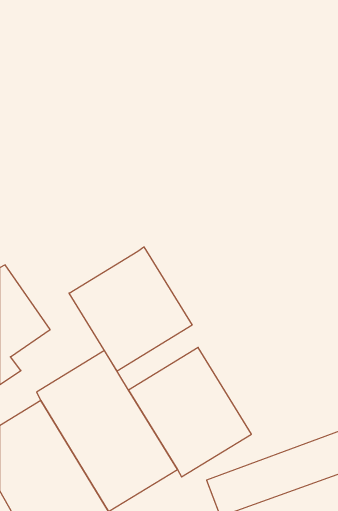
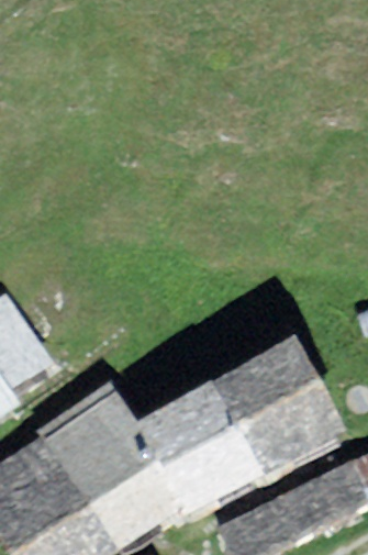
building: [69,247,192,371] -> none
building: none -> [210,333,346,473]

